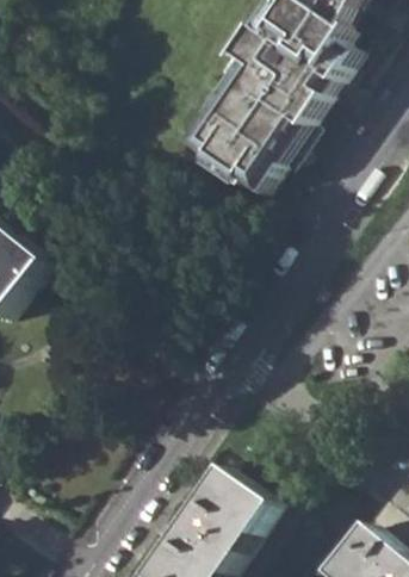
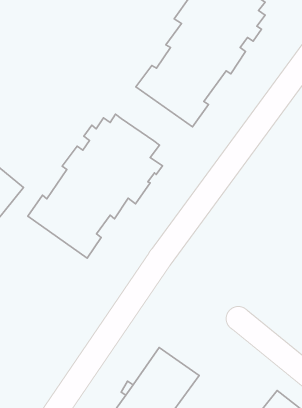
building: none -> [28,114,162,258]

